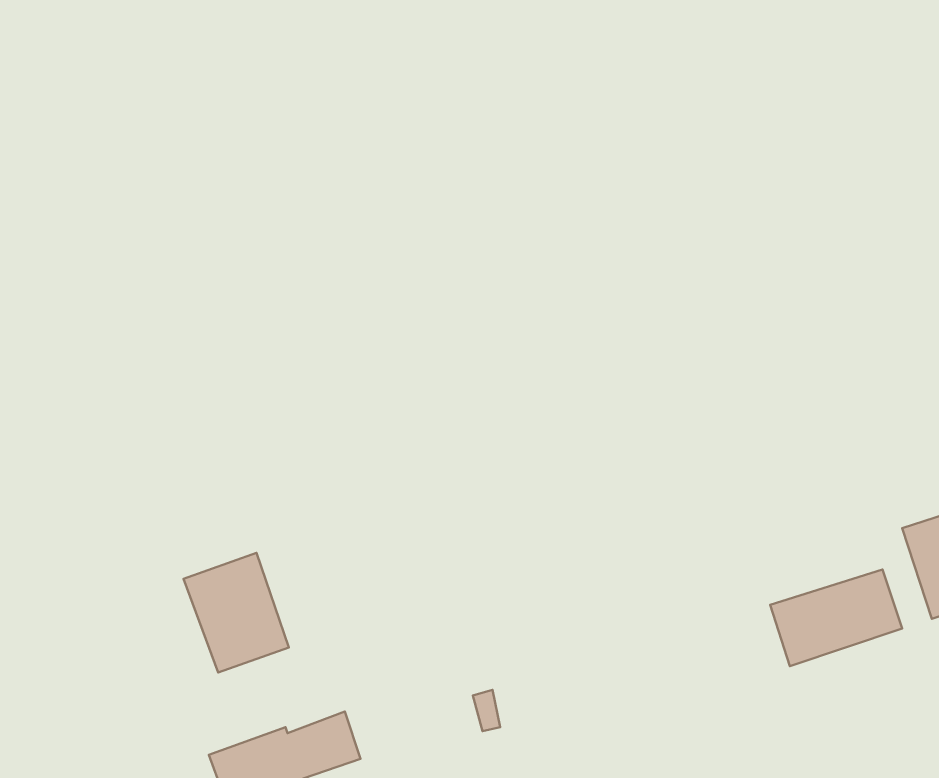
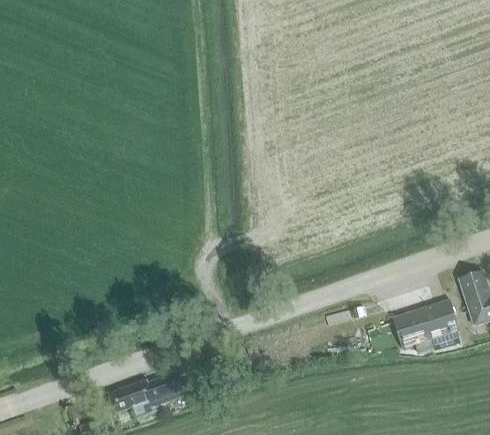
building: [184,553,289,673] -> none

